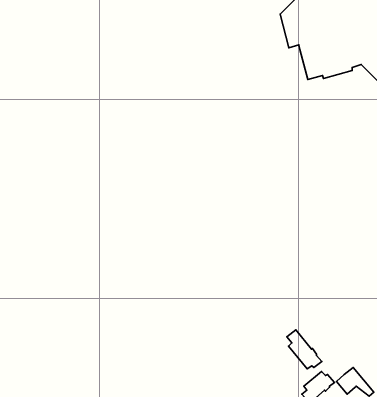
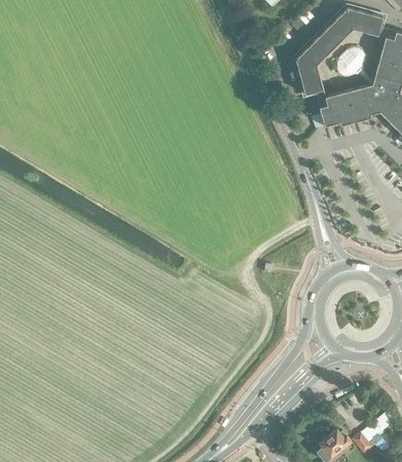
building: [287,330,322,369] -> none

